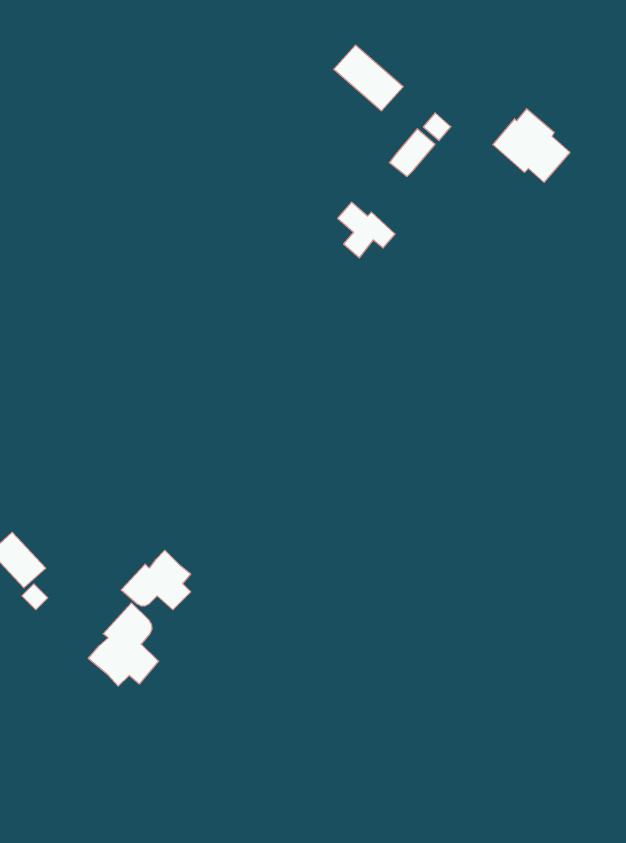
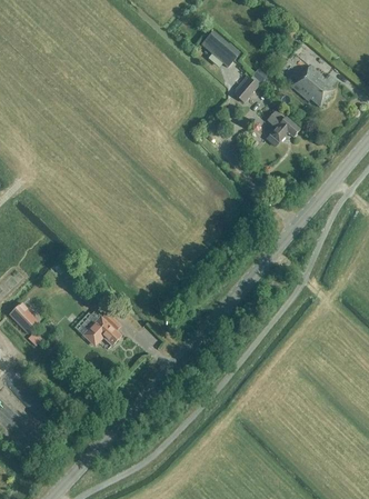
building: [338,202,395,258] -> [266,112,298,143]
building: [88,603,159,686] -> none

